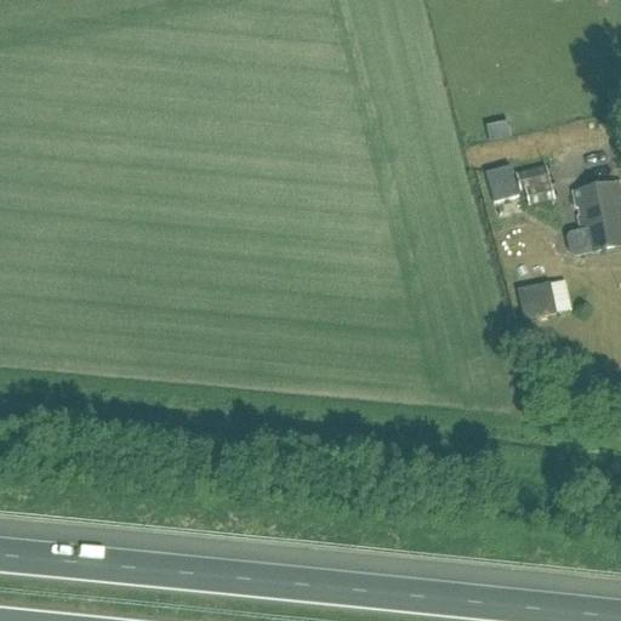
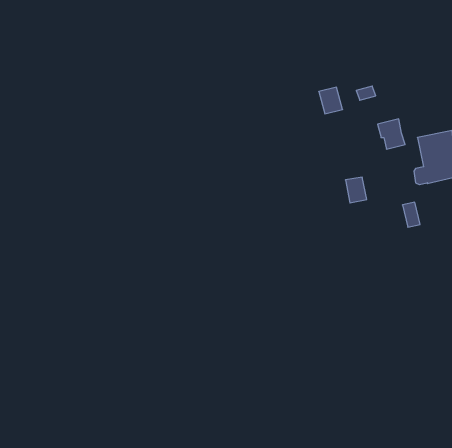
building: [486,163,519,199] -> [319,87,343,114]
building: [518,283,547,318] -> [345,177,367,203]

